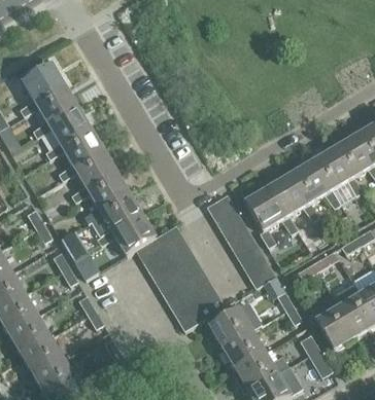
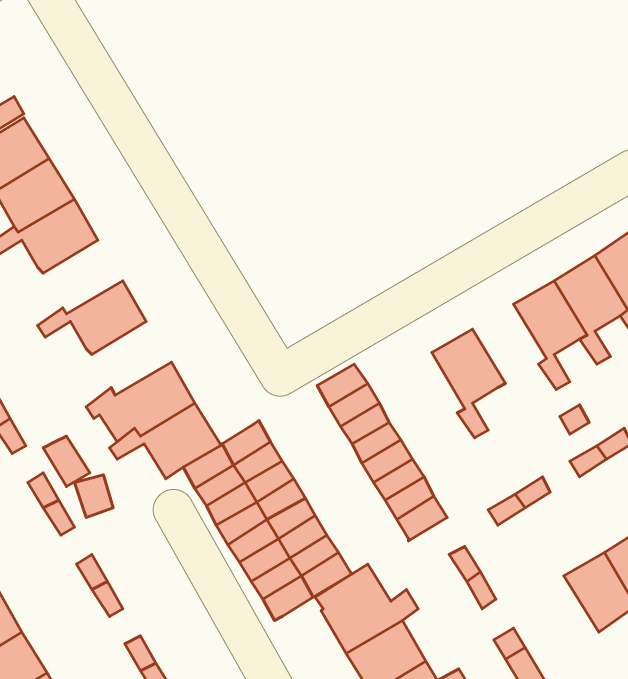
building: [44,128,103,167] -> none
building: [288,161,328,219] -> none
building: [70,171,129,210] -> none
building: [244,187,284,246] -> none
building: [315,299,355,349] -> none

